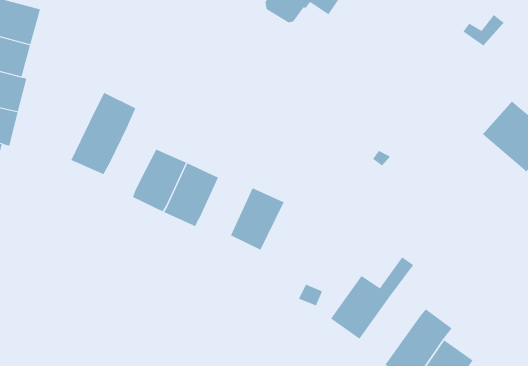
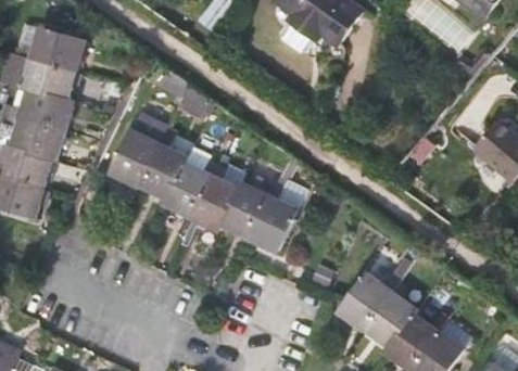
building: none -> [139,144,187,199]
building: none -> [222,183,269,239]
building: none -> [364,292,416,347]

